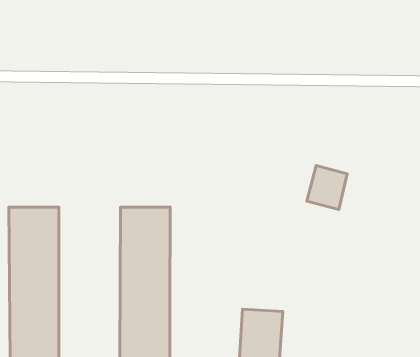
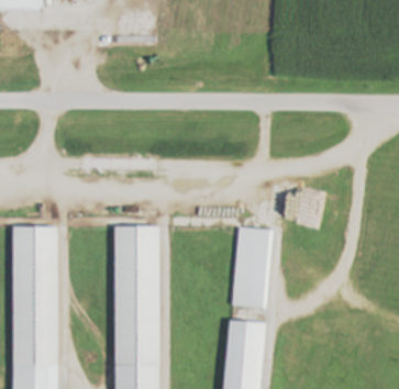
building: none -> [234,229,270,310]

